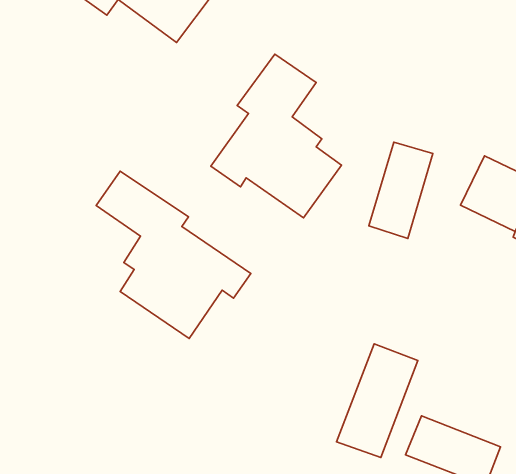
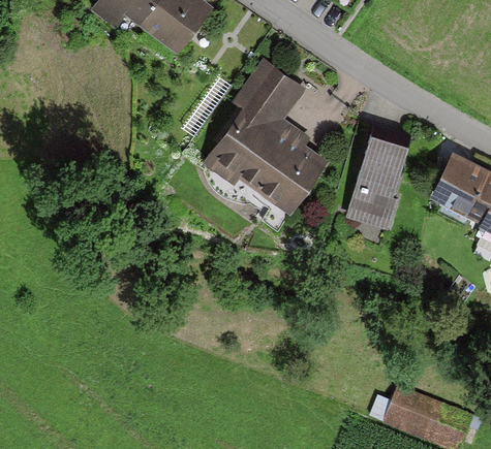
building: [96,171,251,338] -> none
building: [337,344,418,458] -> none

